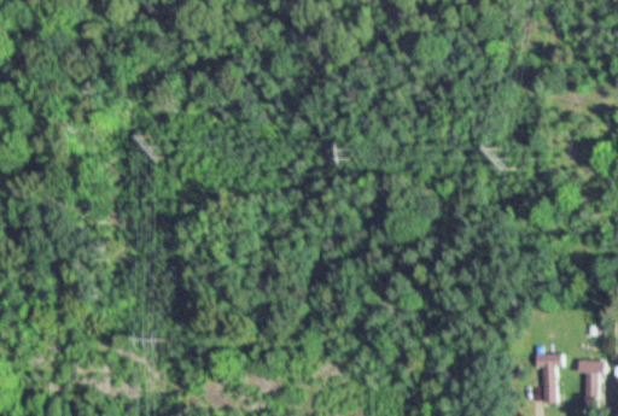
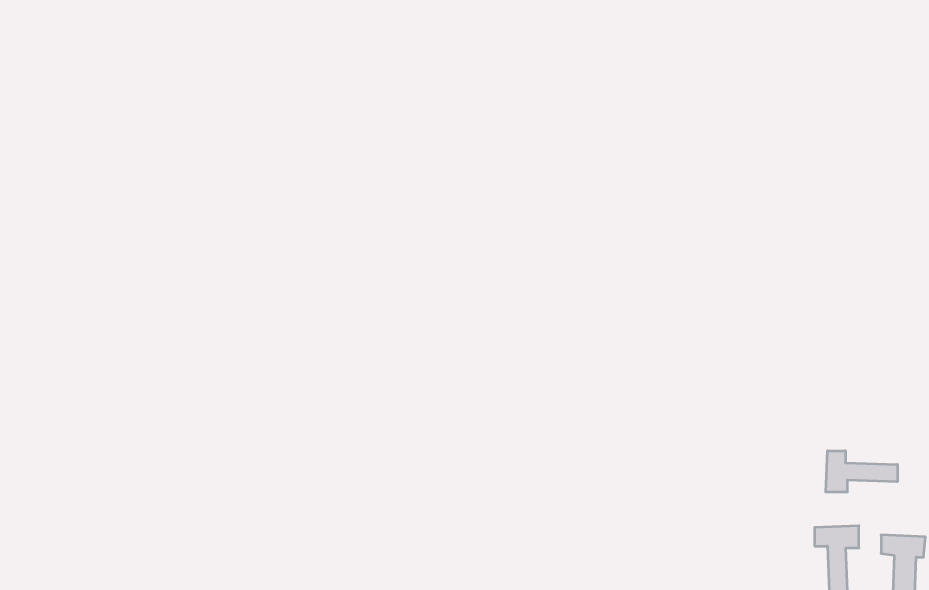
building: none -> [826,451,897,492]

